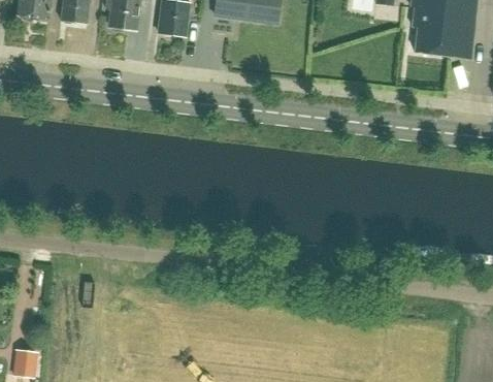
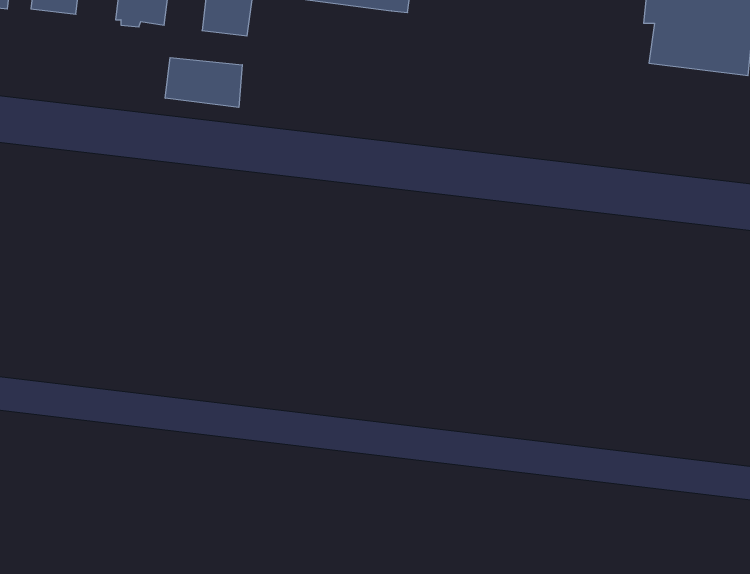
building: none -> [165,58,242,107]

